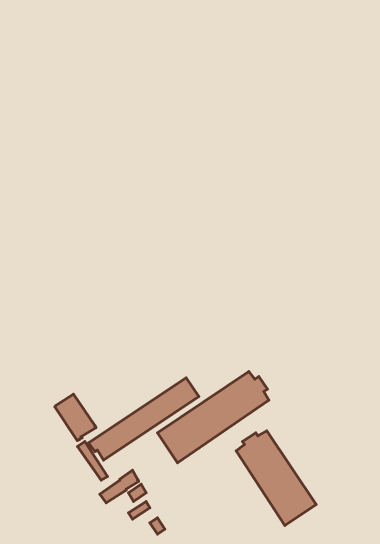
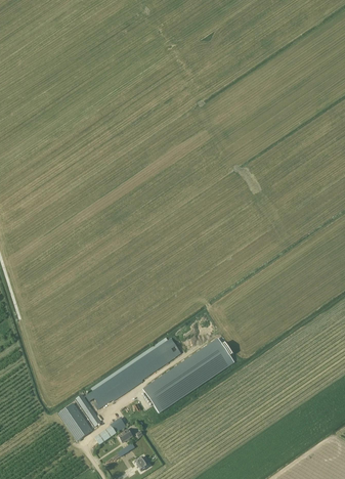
building: [55,394,96,440] -> [59,403,93,441]
building: [236,431,316,526] -> none

